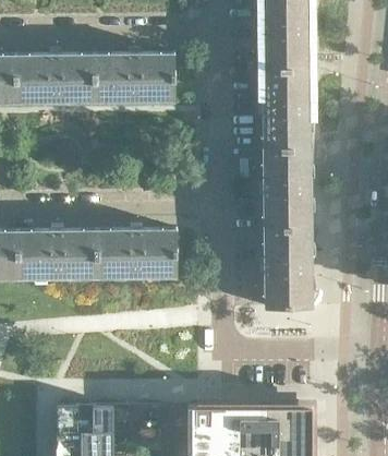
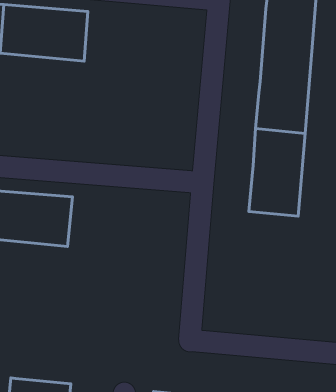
building: [95,55,174,103] -> none
building: [264,229,311,309] -> none
building: [97,230,177,278] -> none

